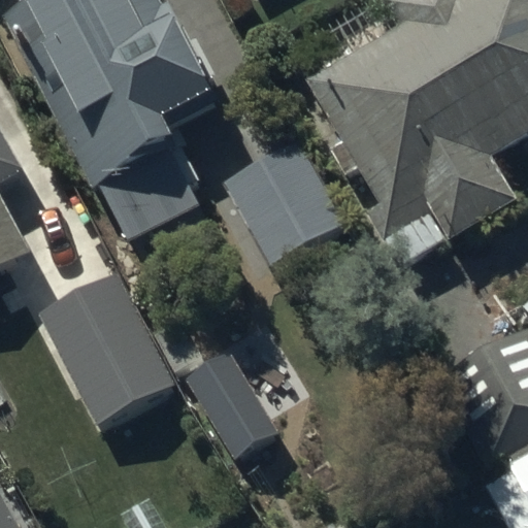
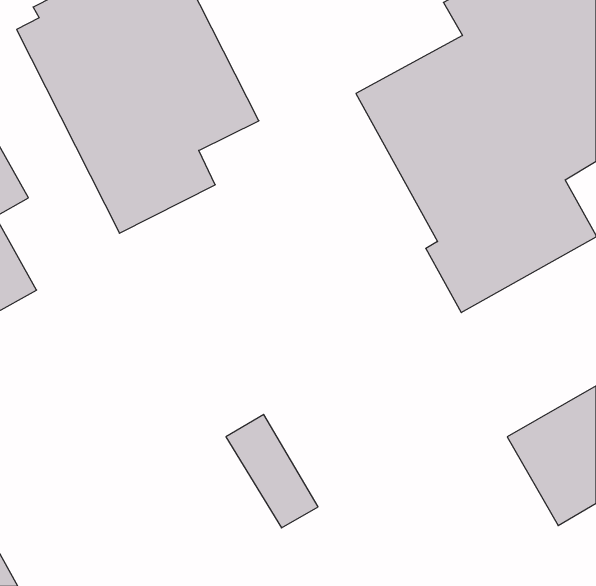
building: [220,144,329,256] -> none
building: [37,277,177,431] -> none

